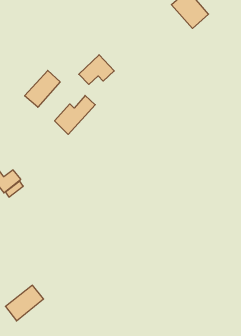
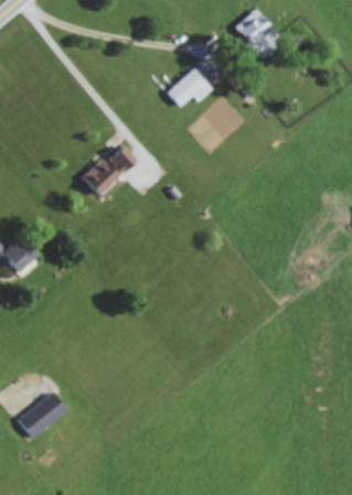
building: [79,55,114,84] -> [167,67,213,106]
building: [25,70,60,107] -> none

